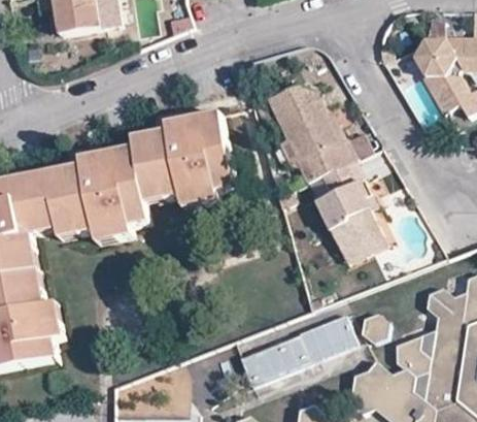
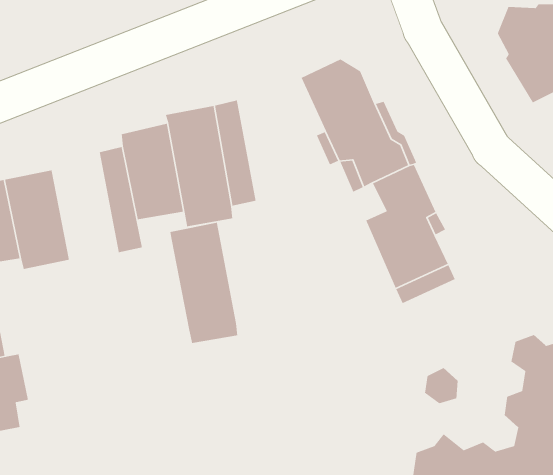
building: [81,150,133,241] -> [169,222,238,344]
building: [239,315,356,387] -> none
building: [397,333,432,375] -> none

